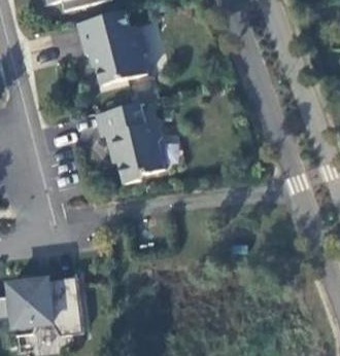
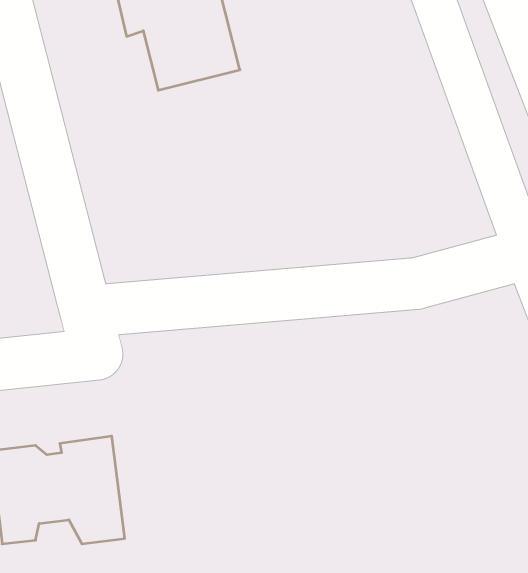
building: [95,101,164,181] -> none

